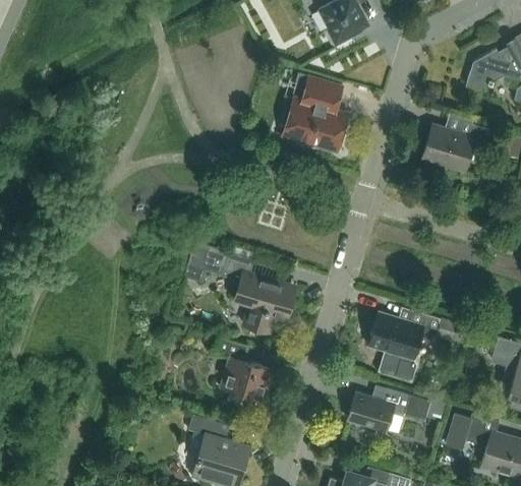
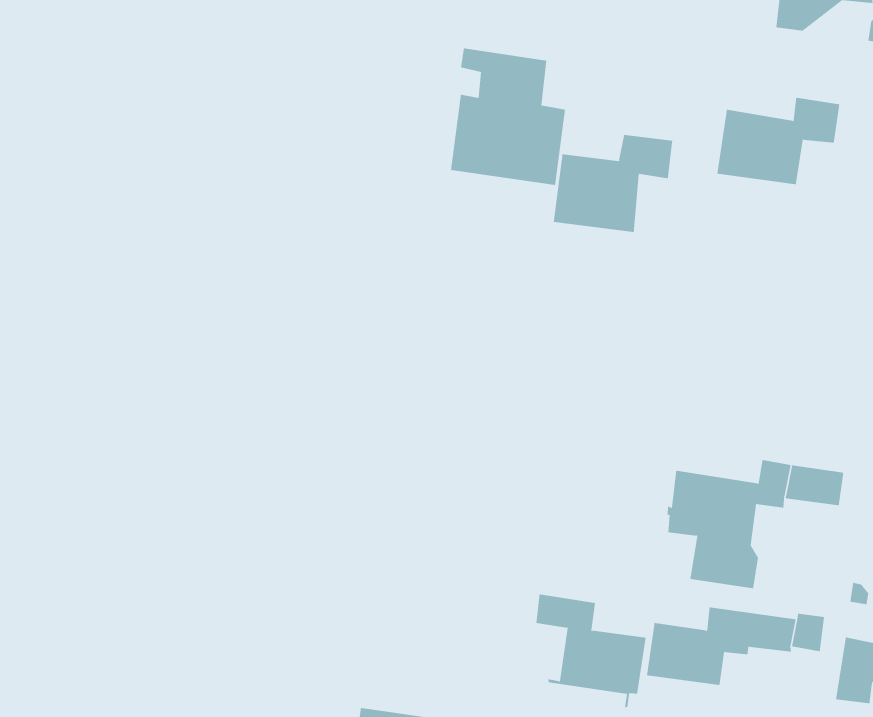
building: none -> [553,134,673,233]
building: [185,242,297,332] -> none
building: [214,338,272,405] -> [536,594,647,708]

